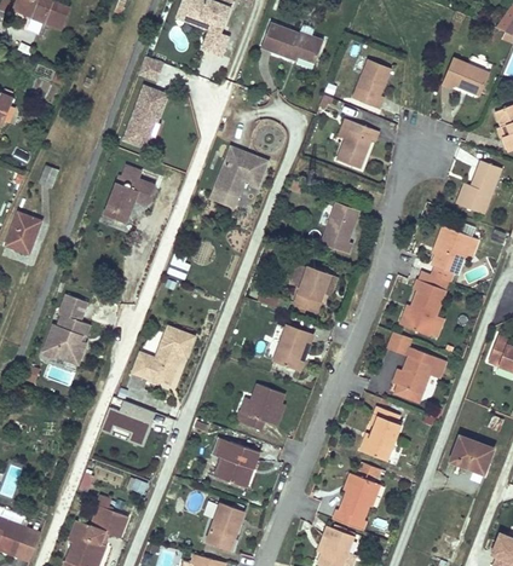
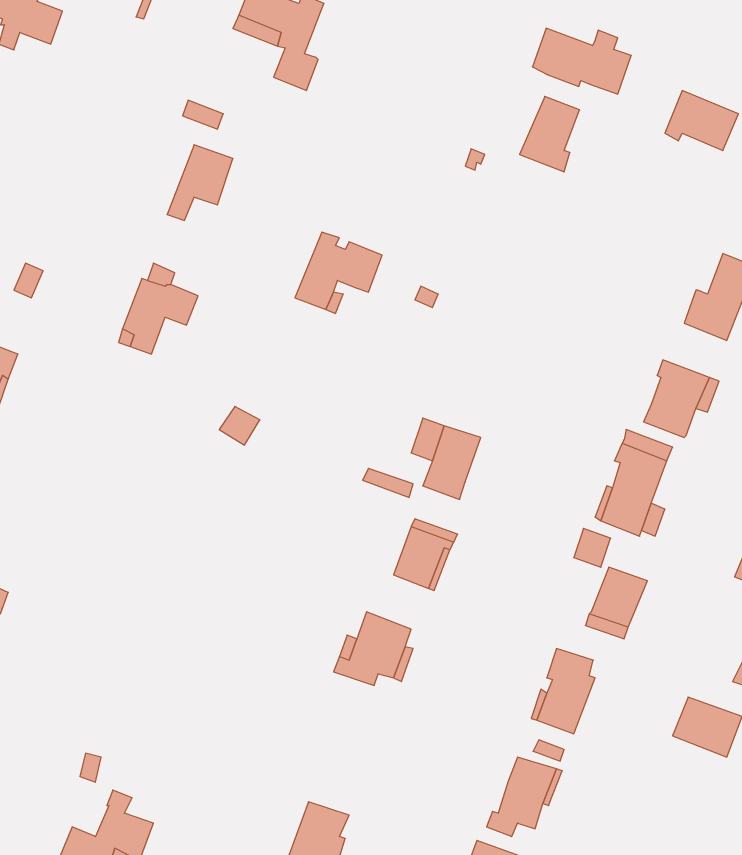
building: [261,23,323,64] -> [532,28,631,94]
building: [338,122,380,169] -> none
building: [321,203,357,253] -> none
building: [39,295,86,365] -> none
building: [129,327,192,385] -> none
building: [102,399,152,441] -> none
building: [219,441,263,487] -> none

